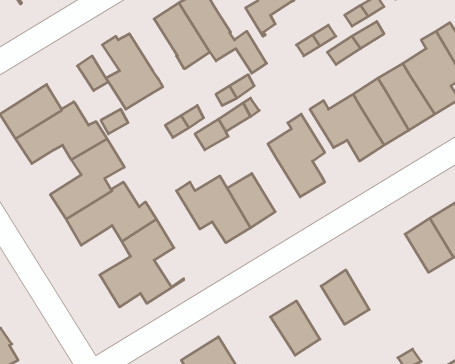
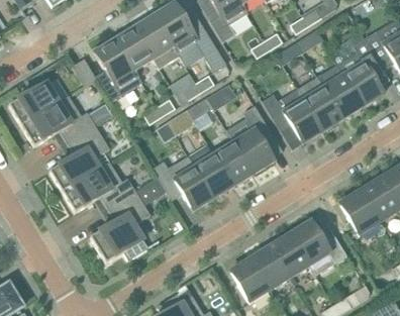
building: none -> [114,27,154,70]
building: none -> [214,141,254,185]
building: none -> [291,220,347,275]
building: none -> [251,245,290,289]

